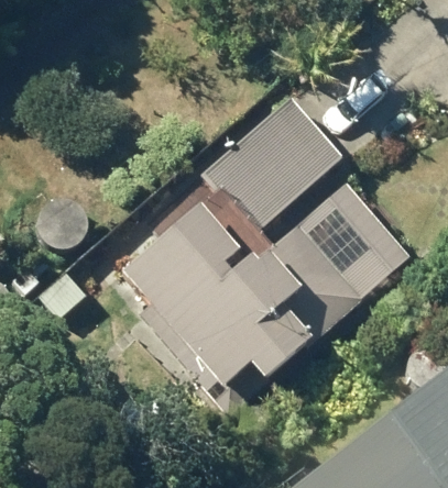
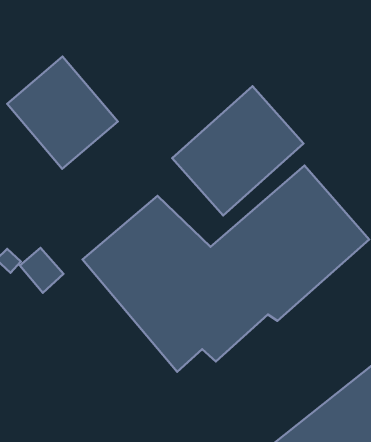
building: none -> [7,56,118,169]

